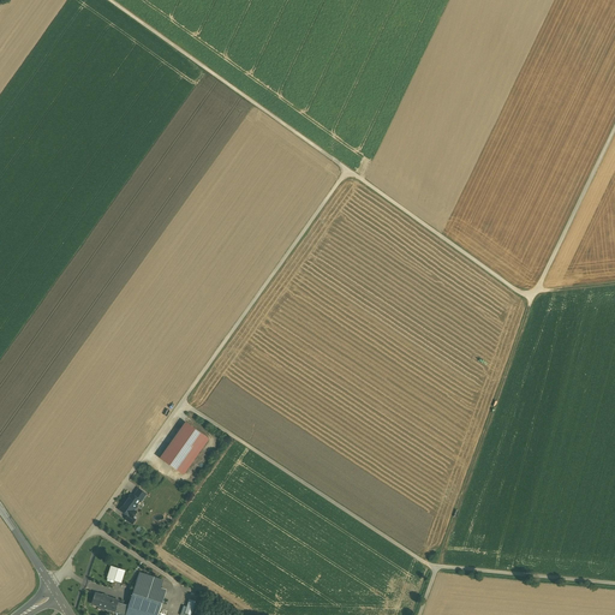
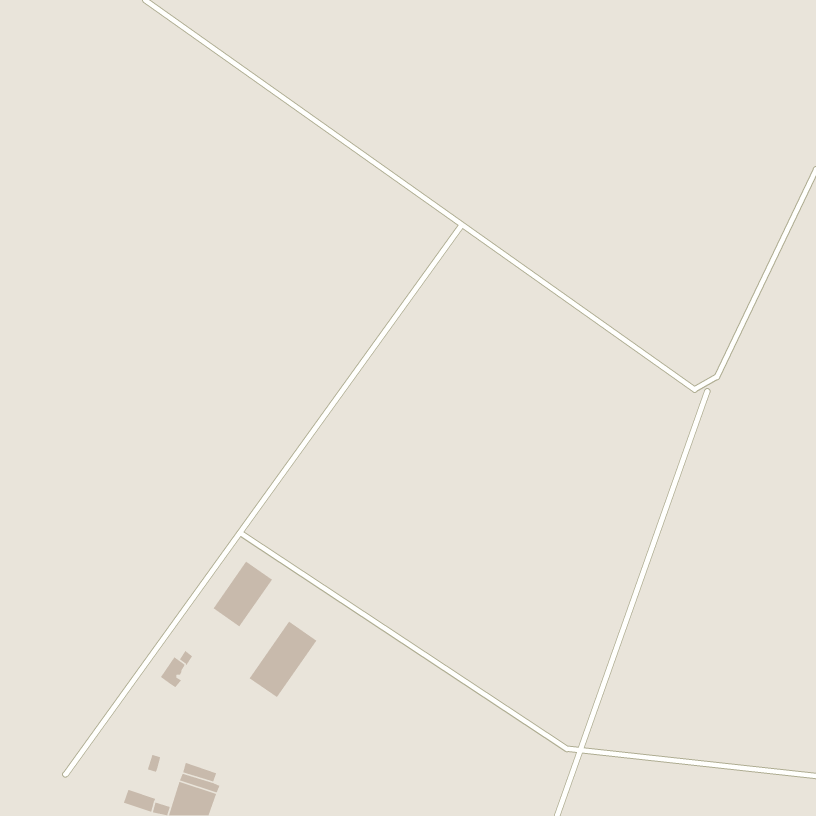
building: none -> [249,621,317,698]

